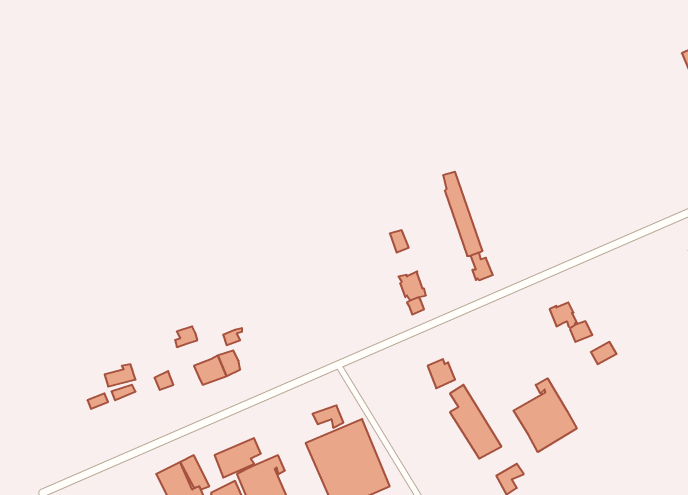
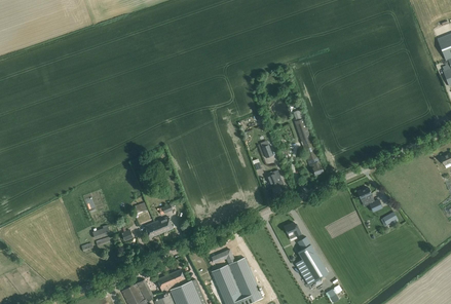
building: [513,378,577,452] -> none

